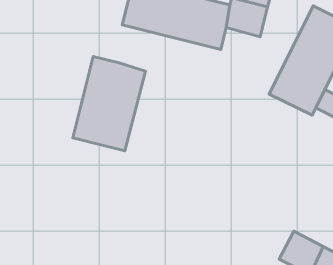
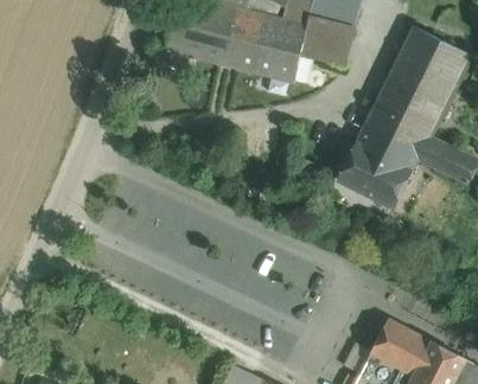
building: [73,56,145,151] -> none
building: none -> [336,141,412,207]

